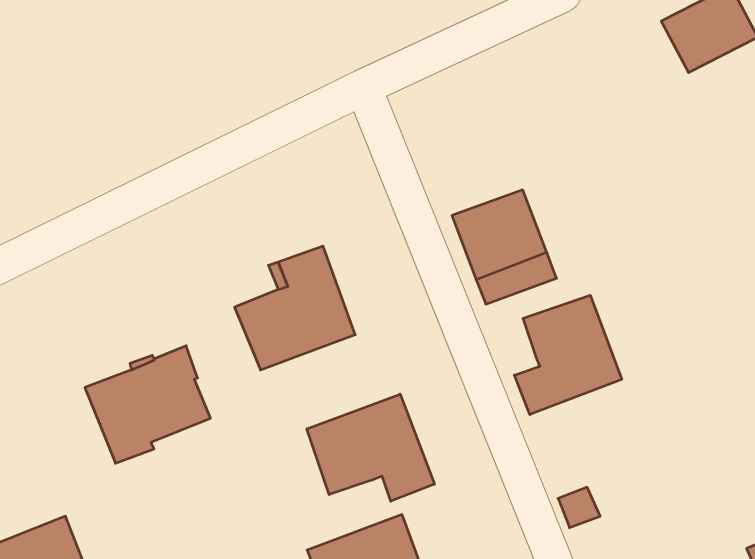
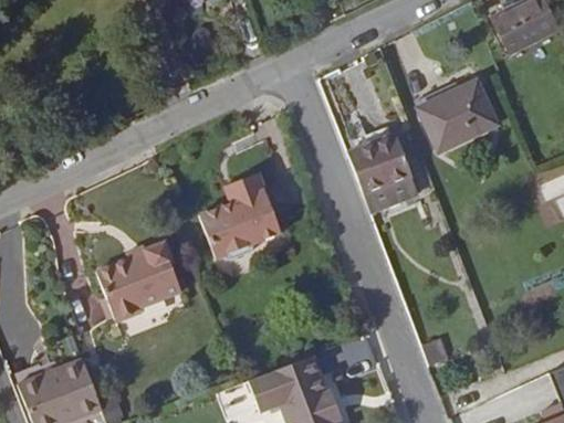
building: none -> [418,81,497,152]
building: [514,295,622,415] -> none
building: [307,394,434,501] -> none

